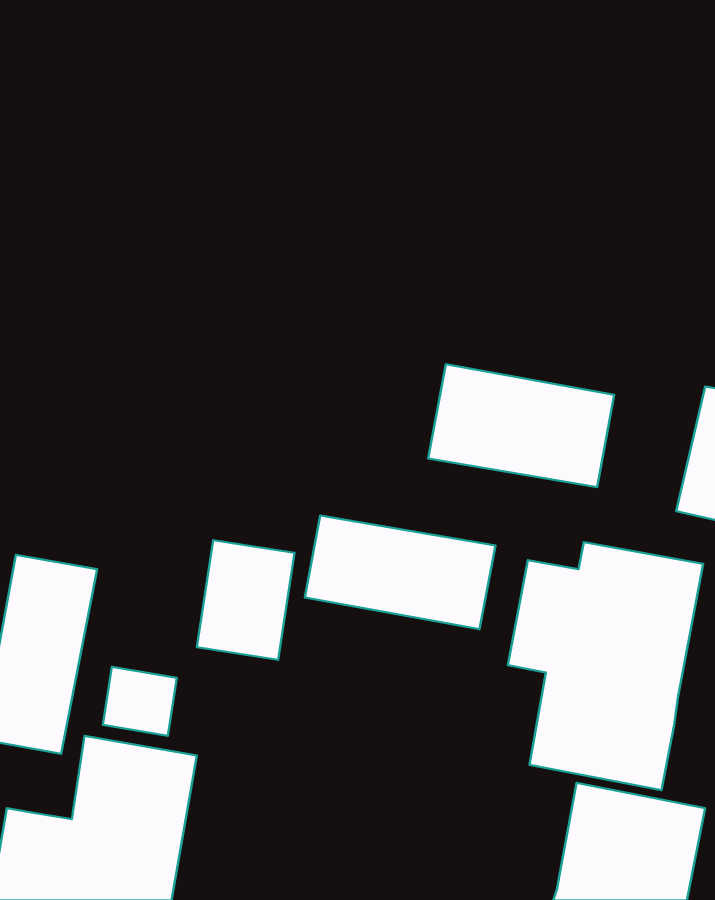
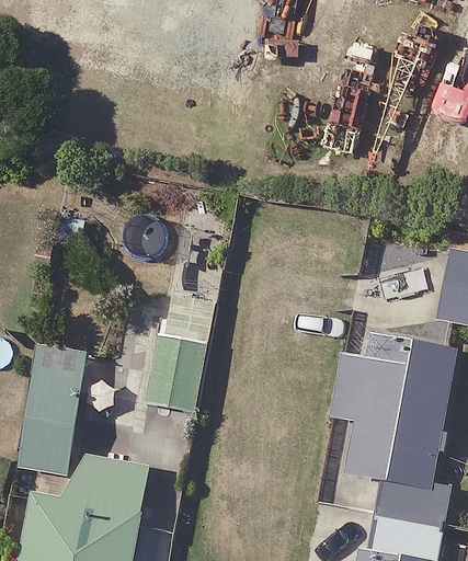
building: [428,364,614,487] -> none
building: [305,515,495,629] -> none

